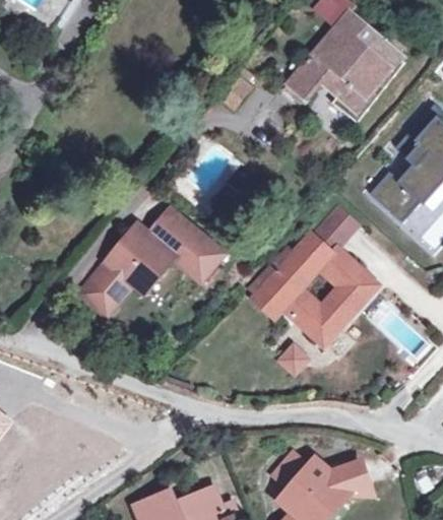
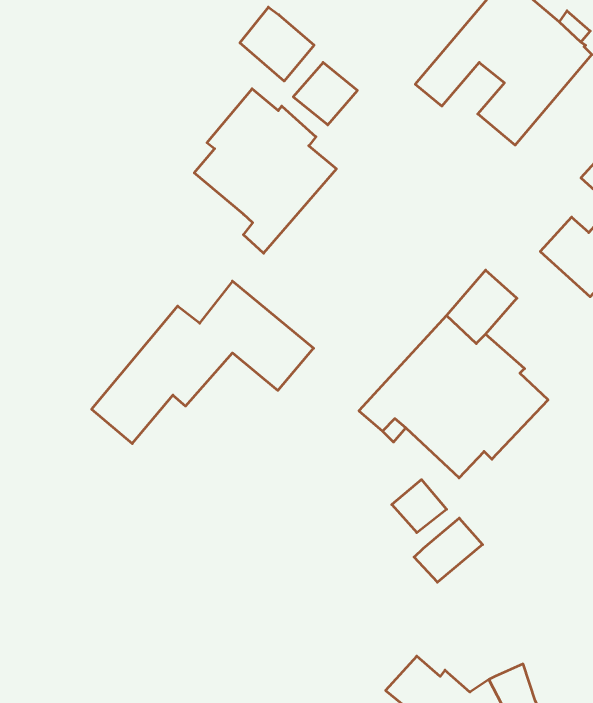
building: none -> [240,7,314,81]
building: none -> [194,89,336,253]
building: none -> [414,518,483,582]

